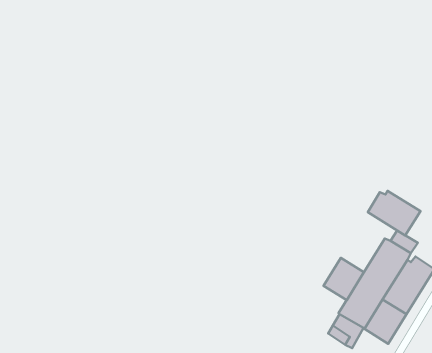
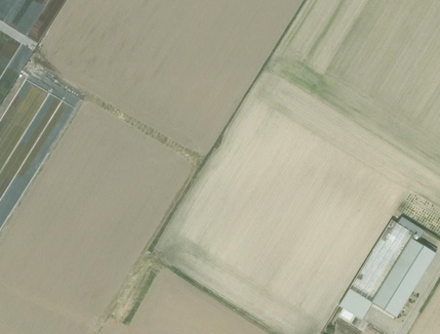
building: [368,191,420,235] -> none
building: [323,258,364,300] -> none

